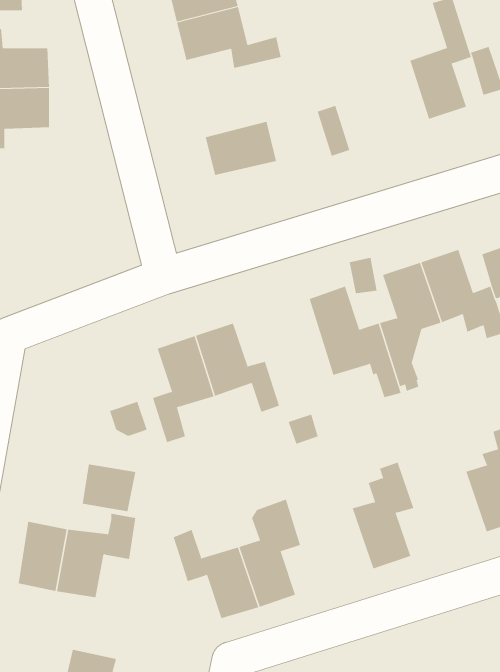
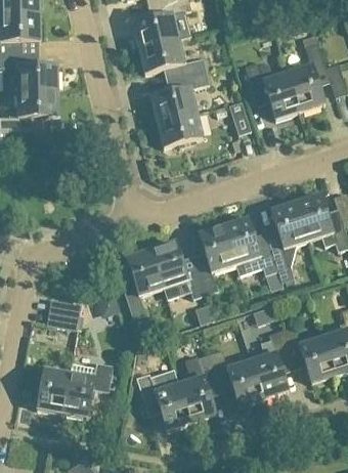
building: none -> [245,60,300,117]
building: none -> [150,70,209,121]
building: none -> [195,224,235,293]
building: none -> [280,325,337,382]
building: [82,464,136,512] -> [46,298,81,329]
building: none -> [209,348,264,405]

